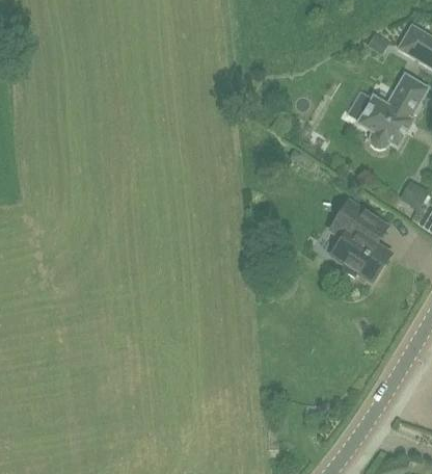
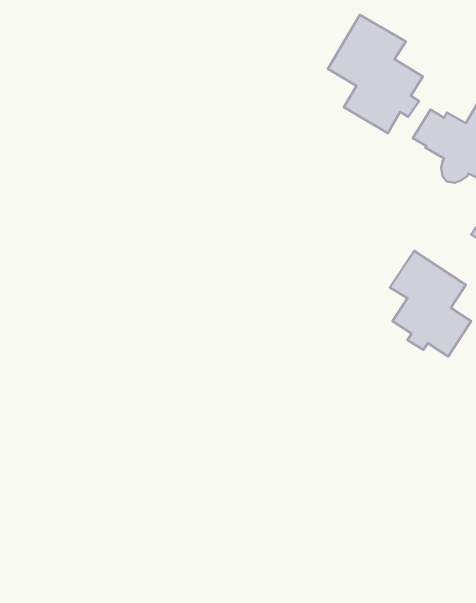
building: none -> [328,15,423,133]

